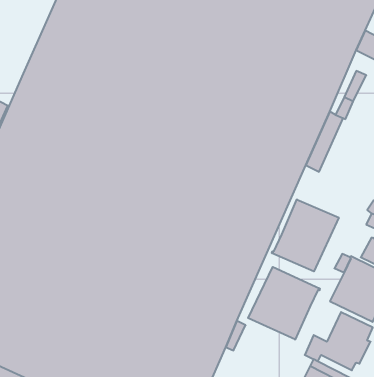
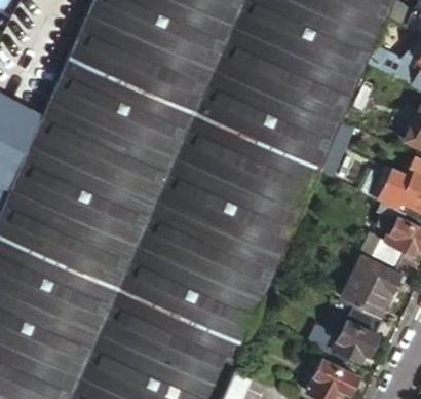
building: [272,199,339,271] -> none
building: [248,267,320,340] -> none

